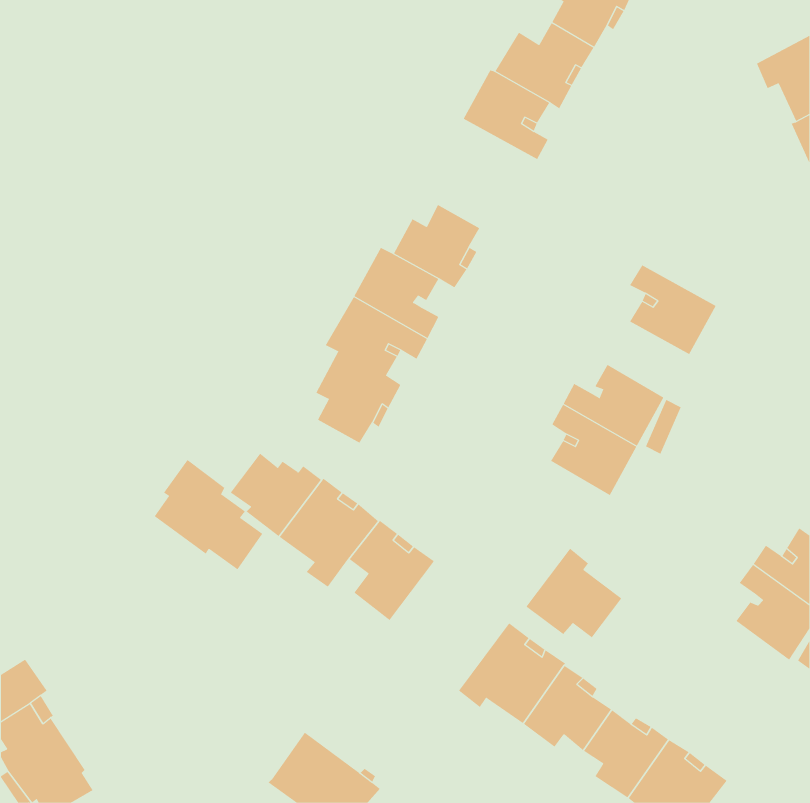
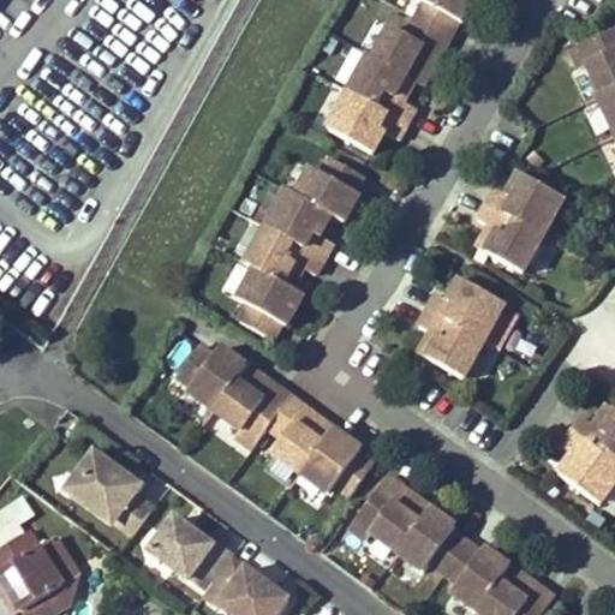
building: none -> [329,90,407,153]
building: none -> [486,171,563,232]
building: [154,459,263,570] -> [68,449,151,533]
building: [526,548,622,638] -> [295,426,369,495]
building: none -> [150,515,234,591]

